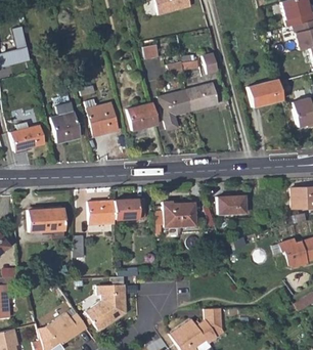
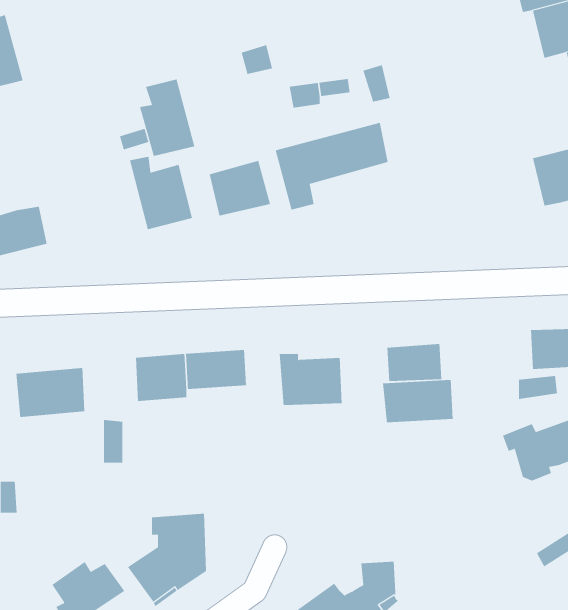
building: [250,78,283,106] -> none
building: [50,102,79,142] -> [139,79,195,157]
building: none -> [382,379,453,423]

